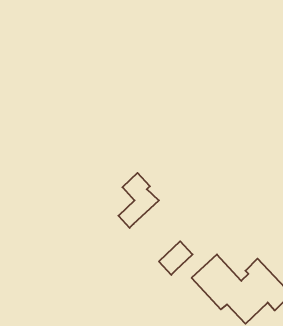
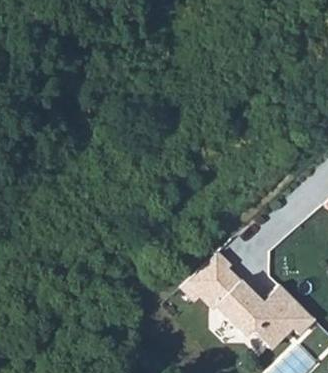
building: [118,173,159,228] -> [200,253,240,307]

